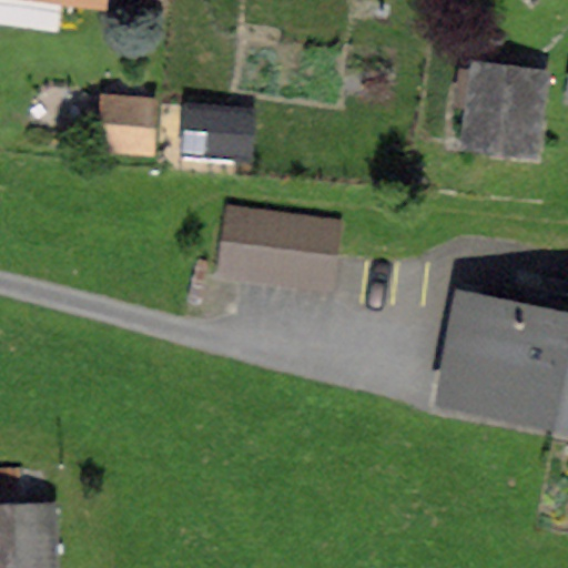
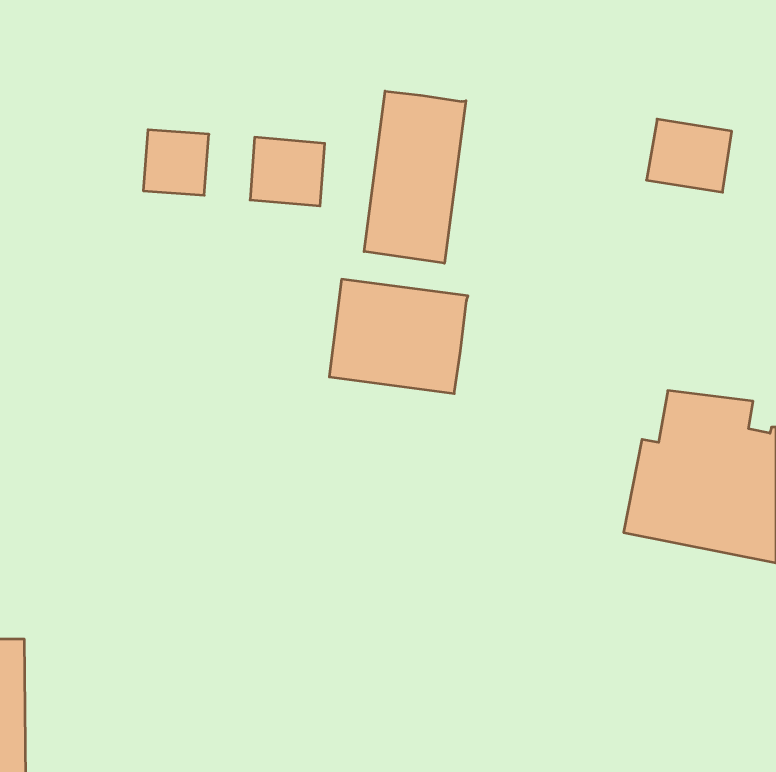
building: none -> [364,91,466,263]

